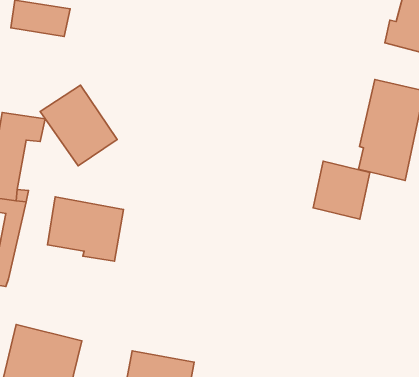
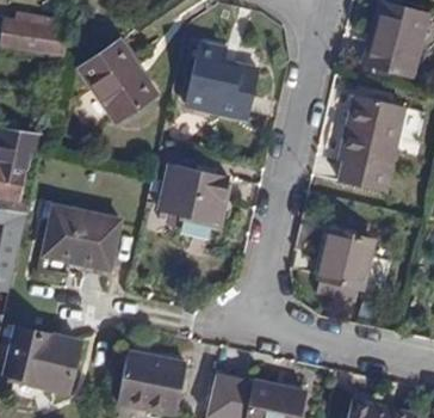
building: none -> [187,43,256,117]
building: [40,85,117,166] -> [81,42,154,118]
building: none -> [160,165,228,225]
building: [313,161,370,219] -> [317,232,371,287]

